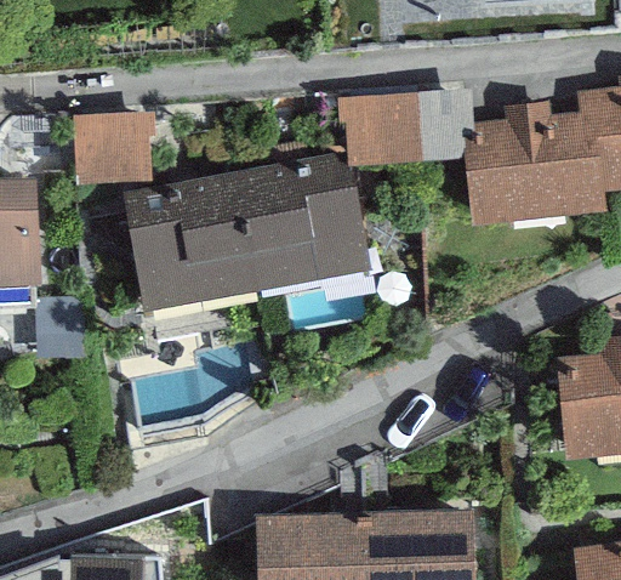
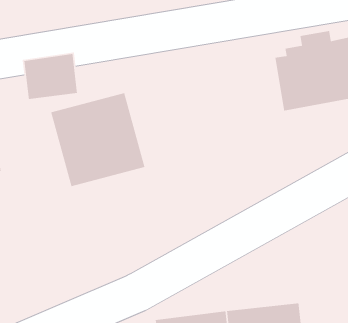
building: [353,92,431,158] -> none
building: [234,152,369,289] -> none

